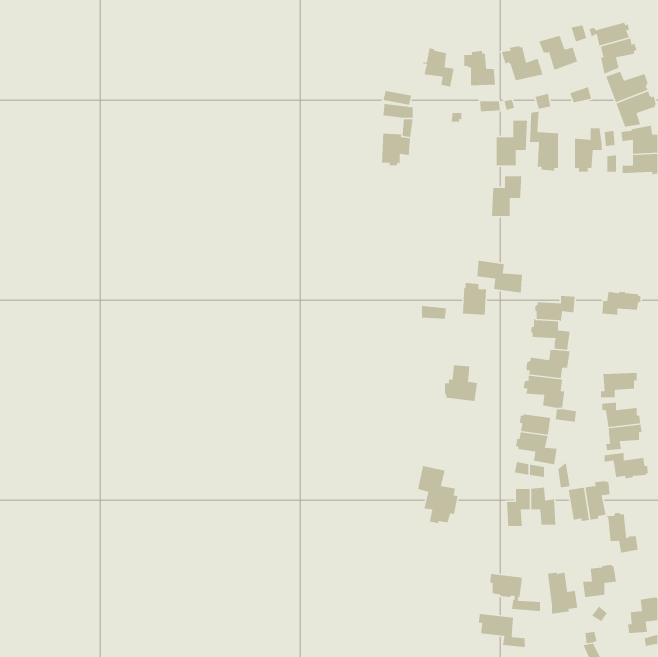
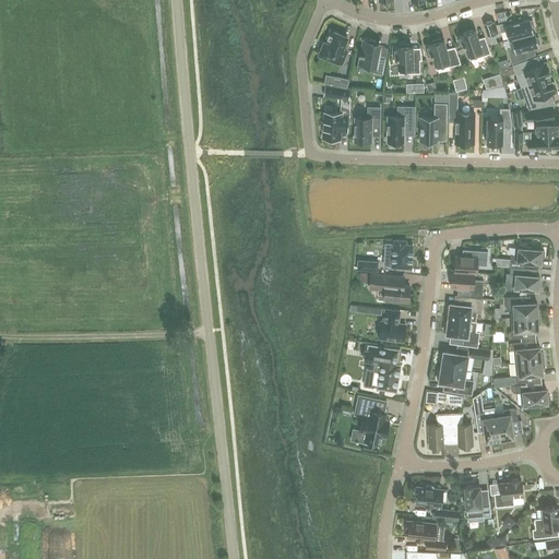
building: none -> [319,31,347,63]
building: none -> [355,108,380,142]
building: [491,176,522,217] -> [386,107,413,142]
building: [477,260,523,293] -> [370,274,409,302]
building: none -> [510,267,542,292]
building: none -> [507,297,540,318]
building: none -> [364,346,400,392]
building: [606,512,639,553] -> none

